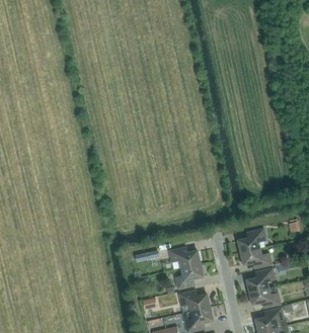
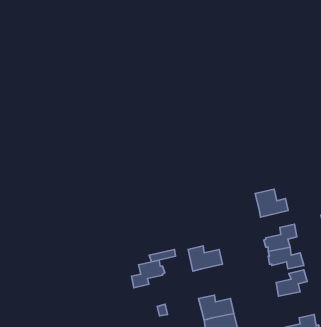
building: none -> [255,189,288,217]
building: [175,263,205,287] -> [132,260,165,288]
building: [248,285,280,307] -> none

